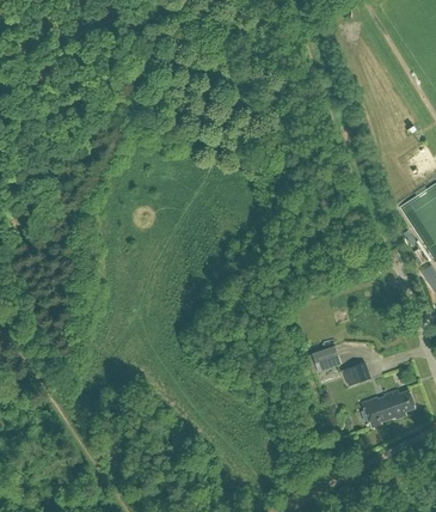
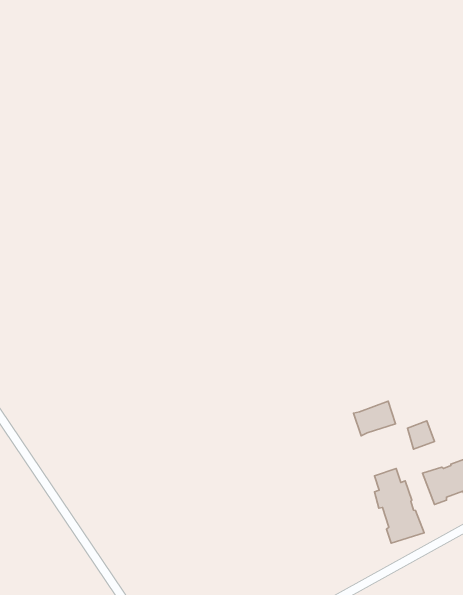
building: none -> [374,468,424,543]

